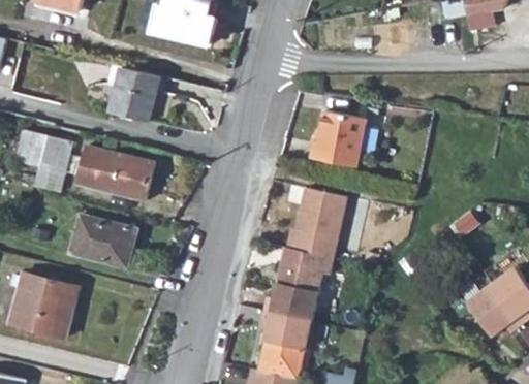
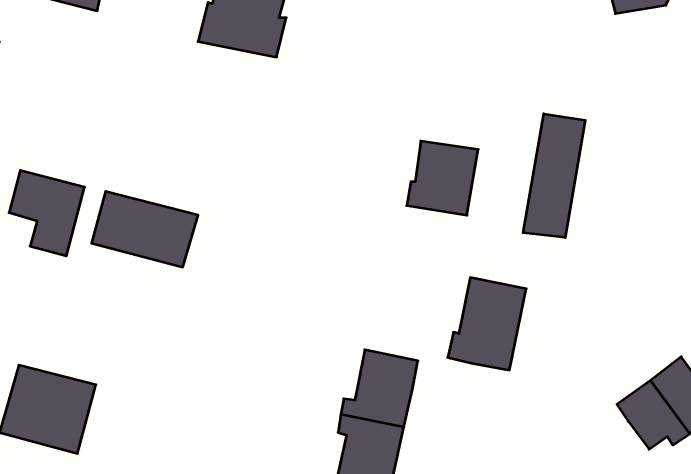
building: [113,65,162,119] -> none
building: none -> [523,114,585,238]
building: [287,188,345,256] -> [448,278,526,370]
building: [70,216,137,268] -> none

